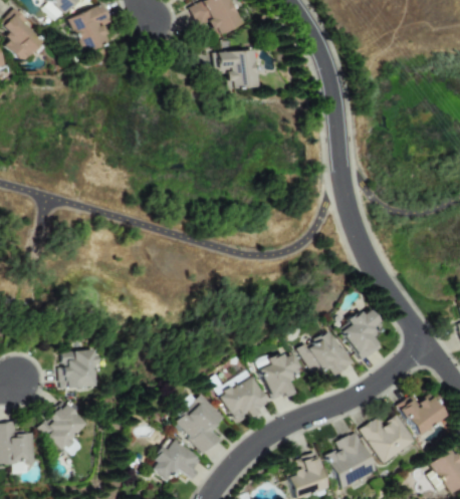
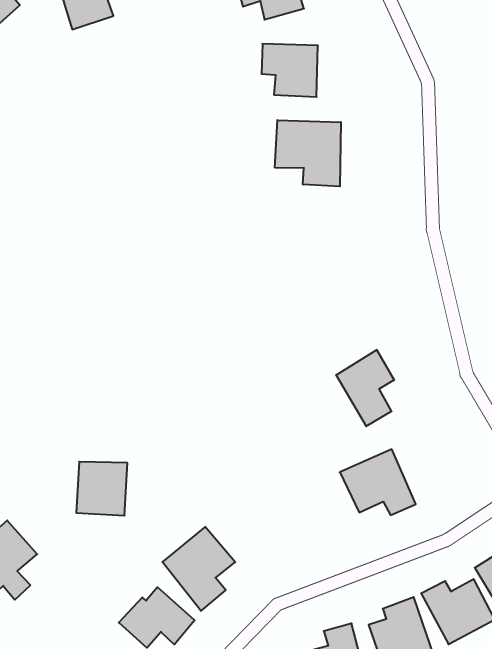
building: none -> [275,120,341,186]
building: [337,307,379,361] -> [336,350,394,426]
building: [62,349,97,388] -> [76,462,127,516]
building: [261,351,303,400] -> none
building: [219,372,270,424] -> none

